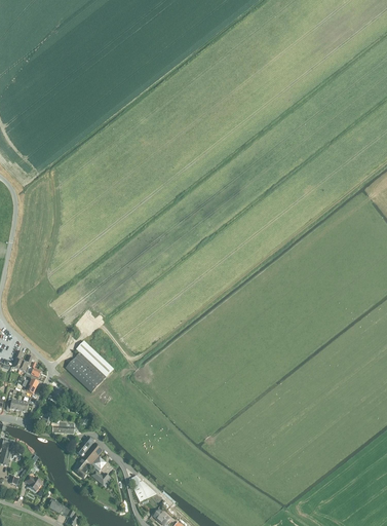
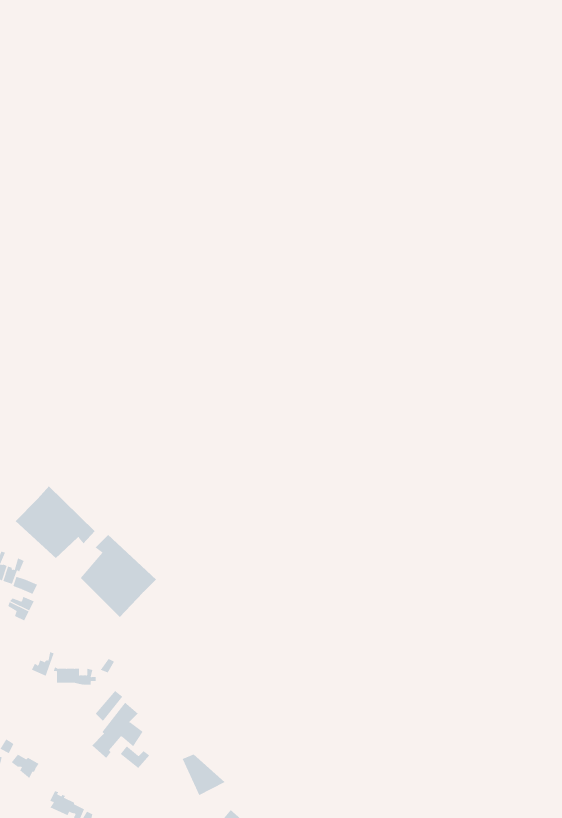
building: none -> [15,486,95,559]

